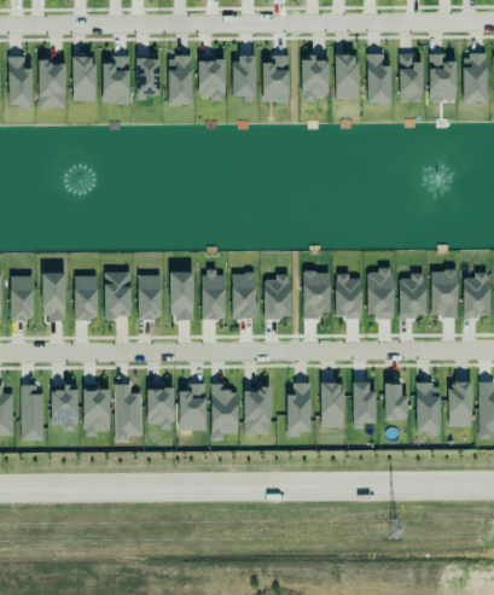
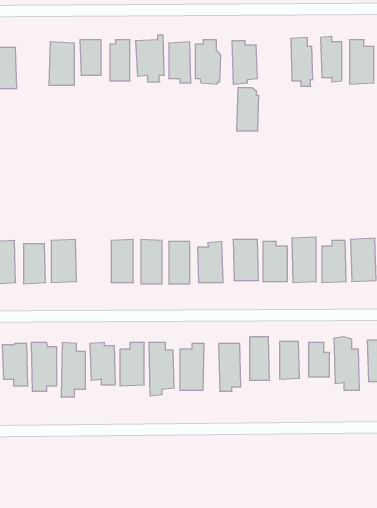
building: [333,51,358,98] -> [237,88,259,131]
building: [72,57,95,101] -> none
building: [136,275,161,320] -> none

